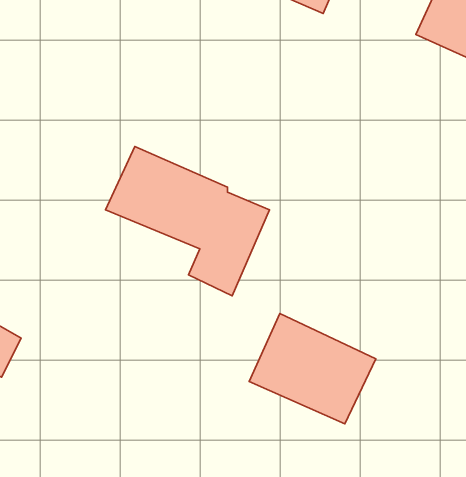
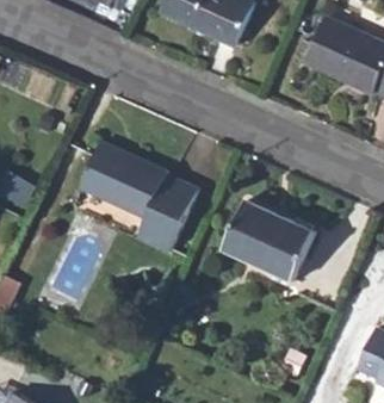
building: [249,313,376,424] -> [227,202,320,283]

